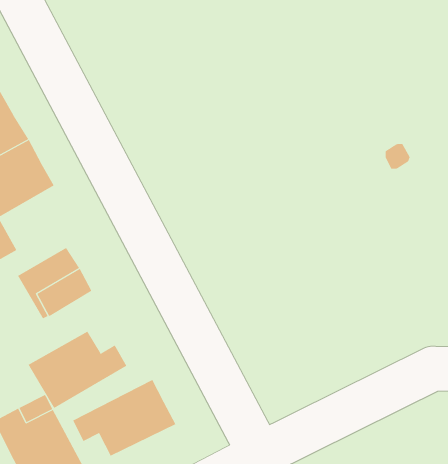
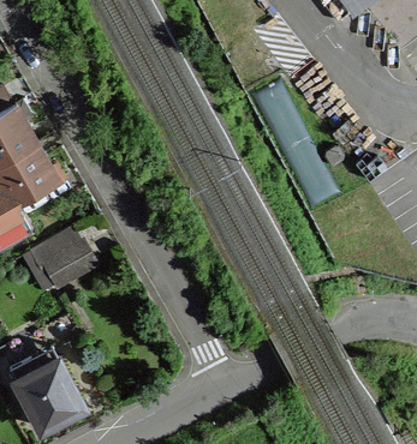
building: [28,331,127,409] -> none
building: [73,379,176,456] -> none

